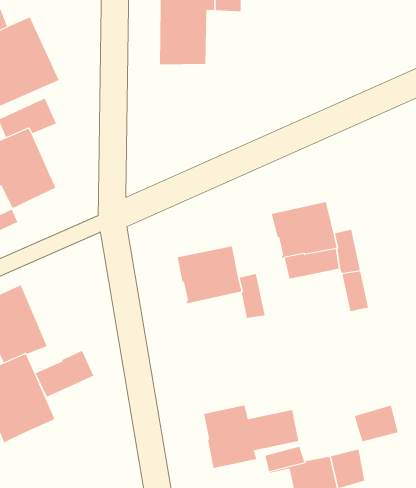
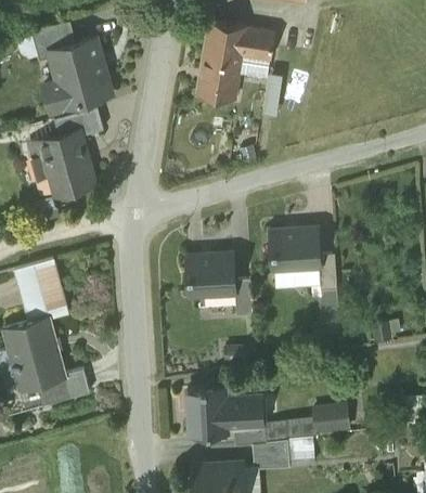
building: [35,350,94,397] -> [40,368,89,403]
building: none -> [263,419,315,441]

